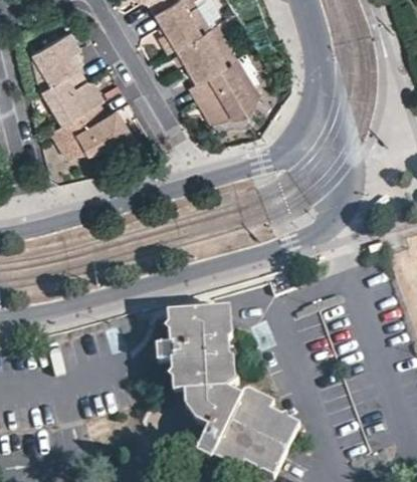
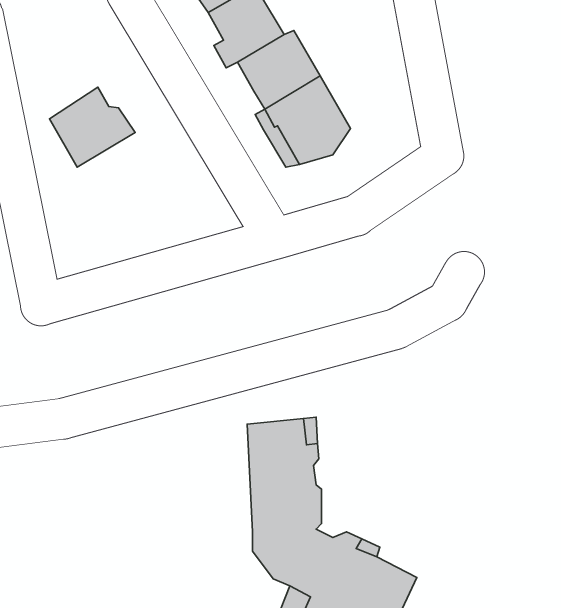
building: [29,29,74,88] -> none
building: [49,98,128,159] -> none
building: [156,310,186,390] -> none

